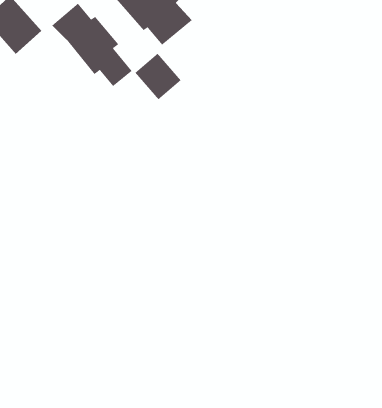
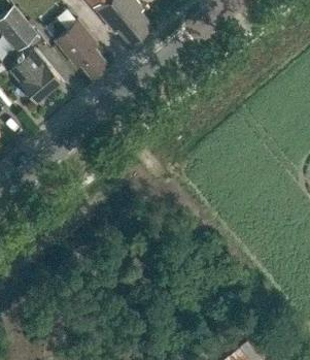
building: [134,53,181,100] -> none
building: none -> [16,56,62,102]

